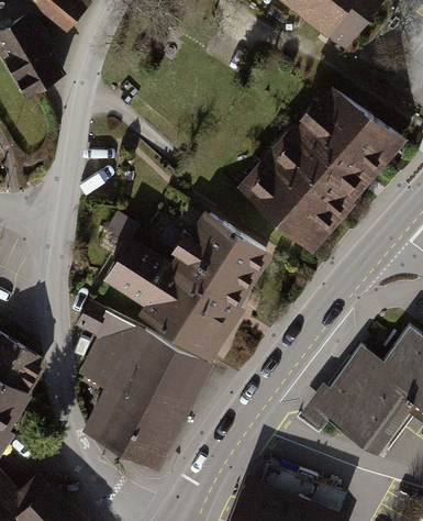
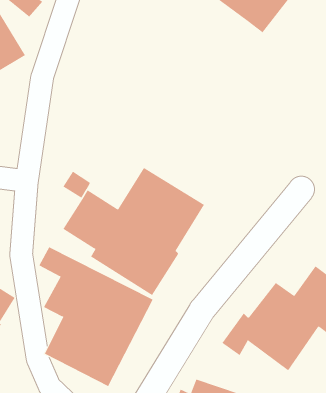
building: [235,89,407,256] -> none

